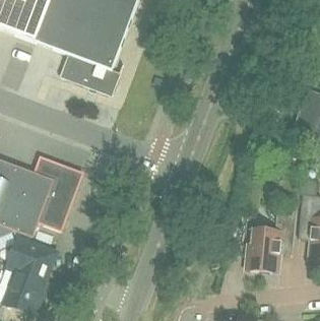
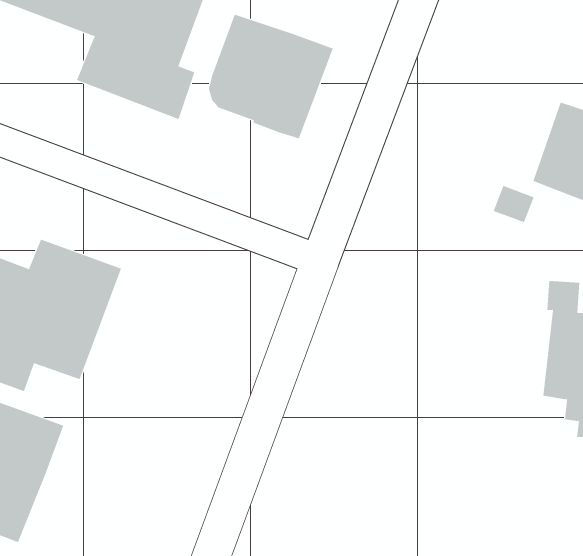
building: none -> [208,14,333,139]
building: [245,207,296,270] -> none

